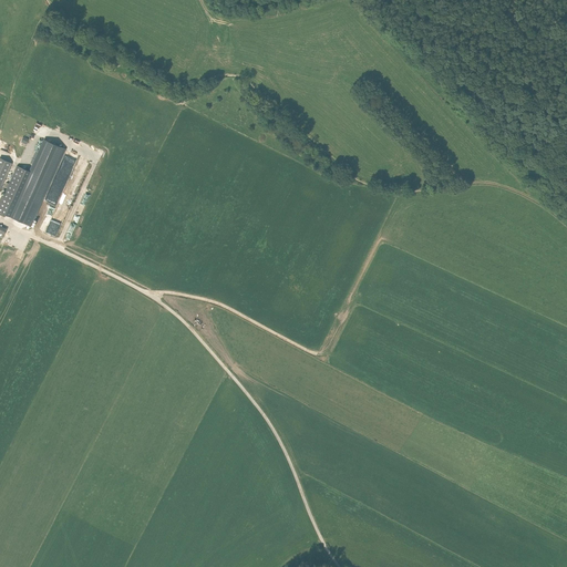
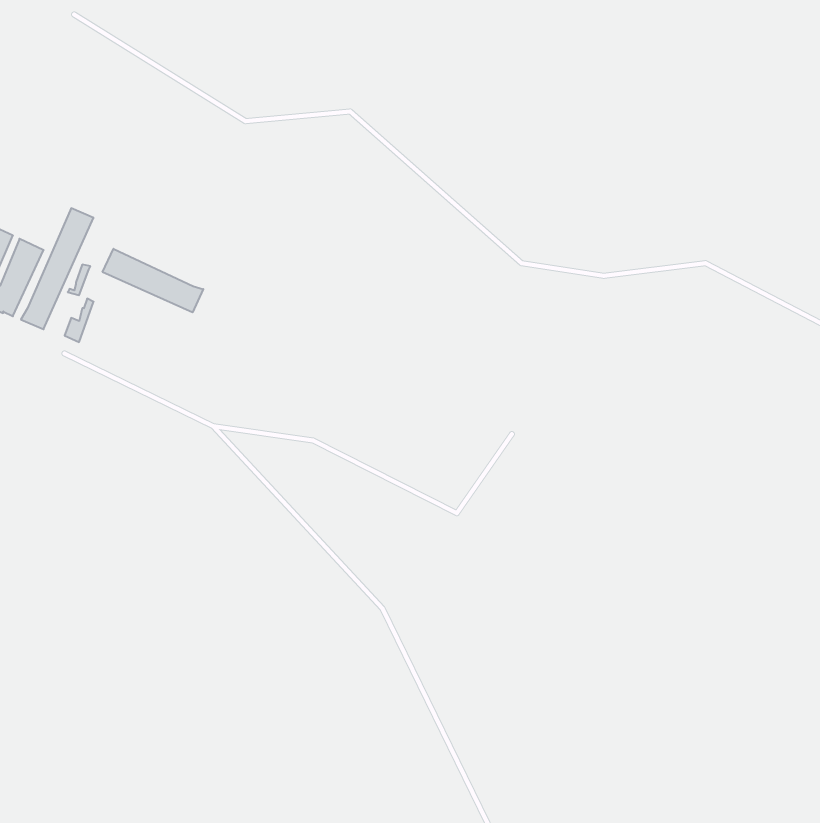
building: none -> [103,249,203,312]

